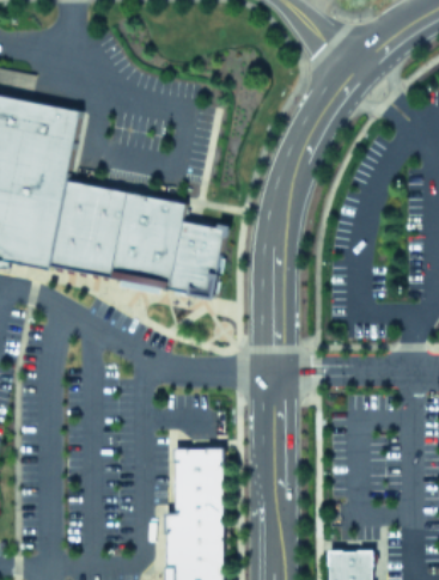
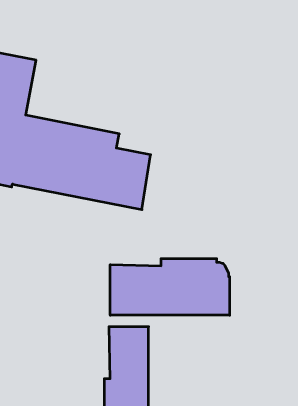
building: none -> [110,259,230,315]

